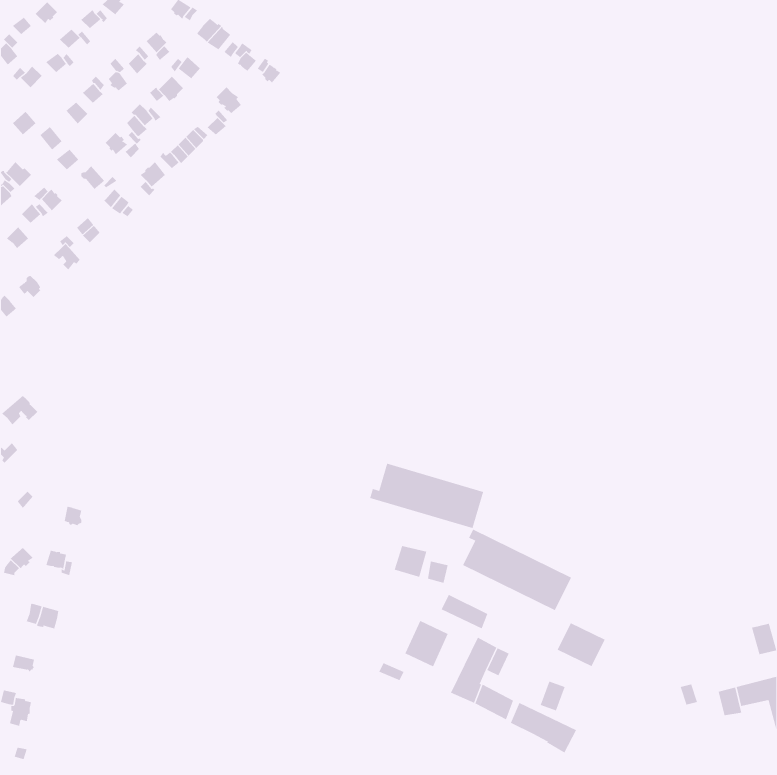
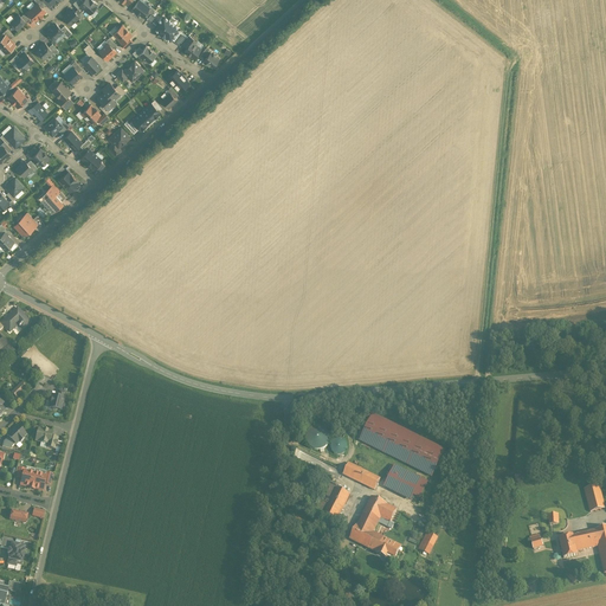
building: [370,463,484,529] -> none
building: [557,623,606,667] -> [383,465,421,499]
building: [510,702,577,754] -> none

